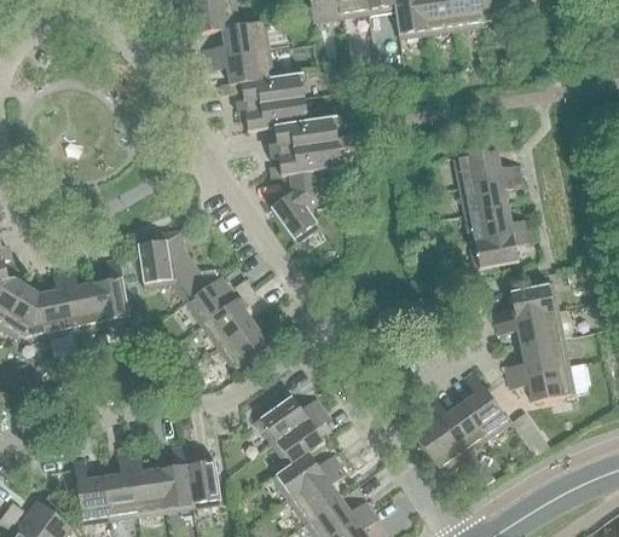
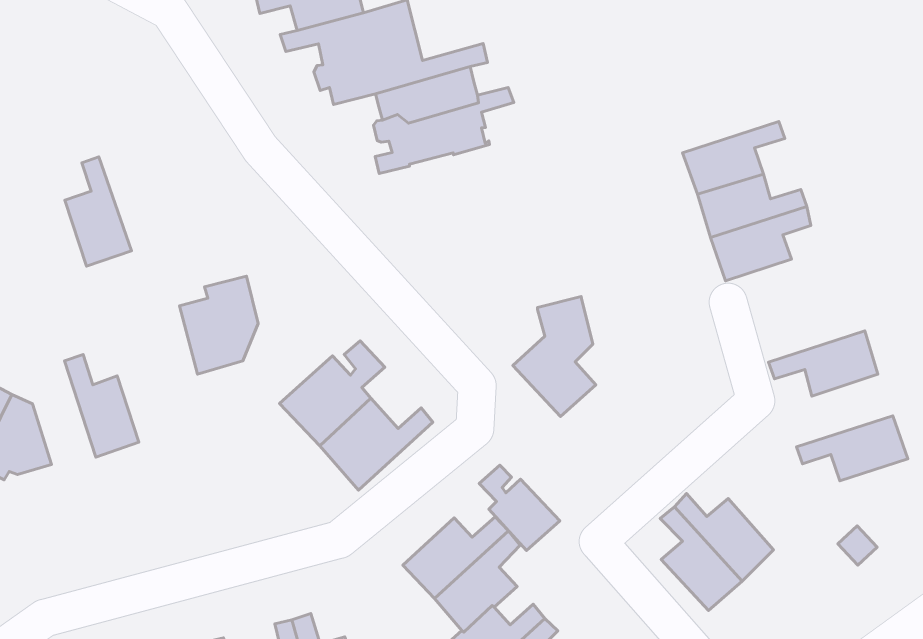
building: [453,150,520,186] -> none
building: [270,169,320,242] -> [513,296,596,417]
building: [93,258,131,324] -> [65,157,132,266]
building: [172,259,227,311] -> none
building: [39,268,74,335] -> none
building: [493,282,557,322] -> none
building: [505,337,568,376] -> none
building: none -> [479,465,560,550]
building: [461,371,509,438] -> none

